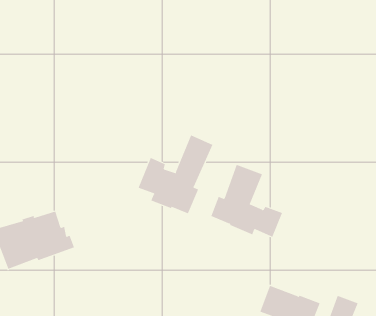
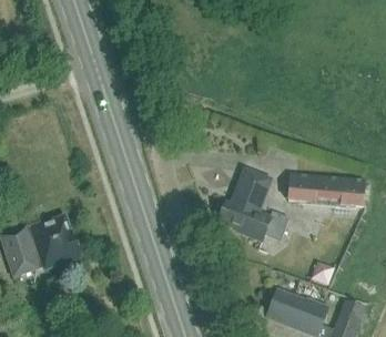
building: [138,134,213,214] -> none
building: none -> [287,172,366,207]

